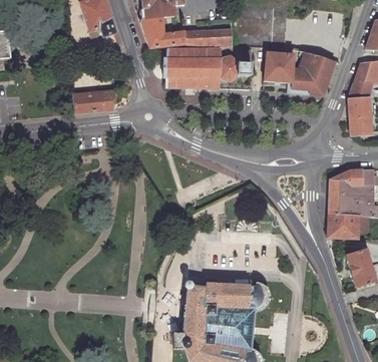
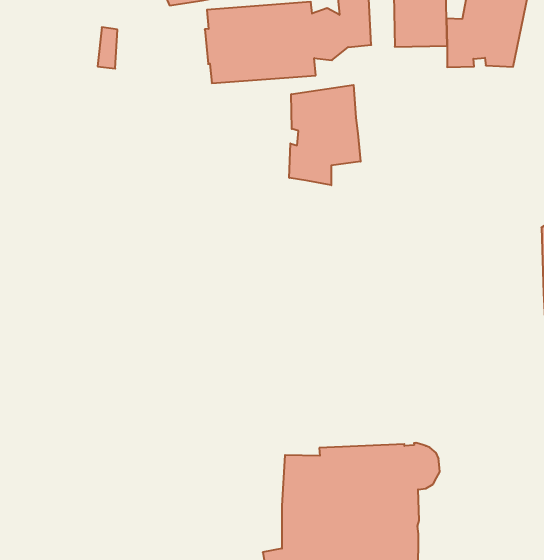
building: [74,92,116,111] -> none
building: none -> [289,85,361,185]

